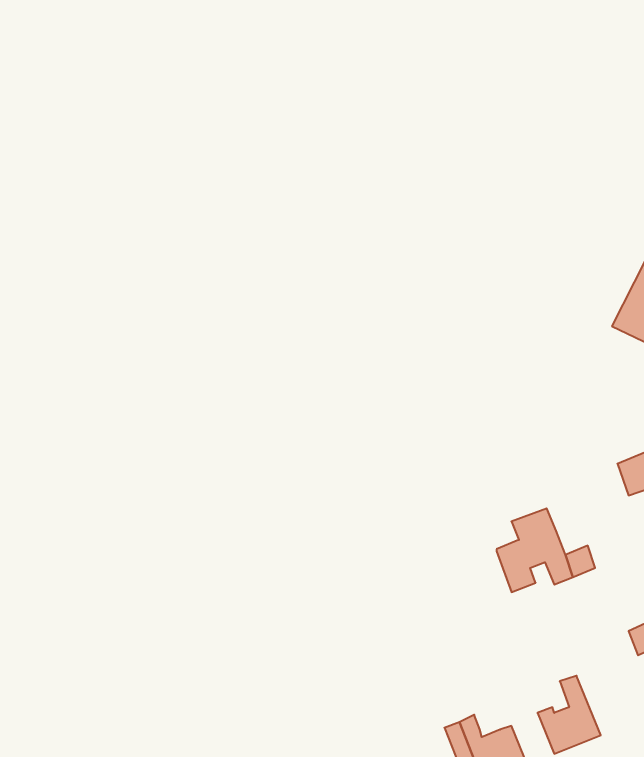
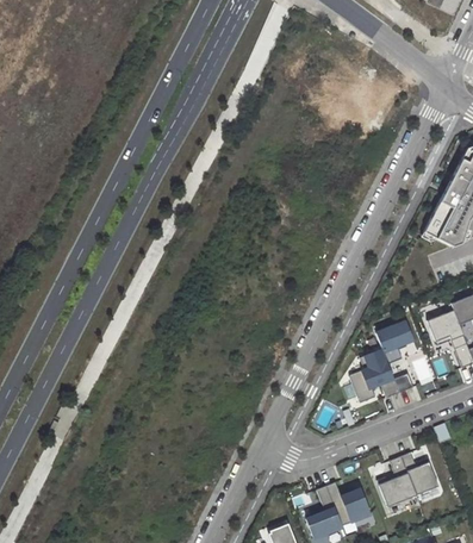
building: none -> [376,322,412,363]
building: none -> [402,451,438,494]

